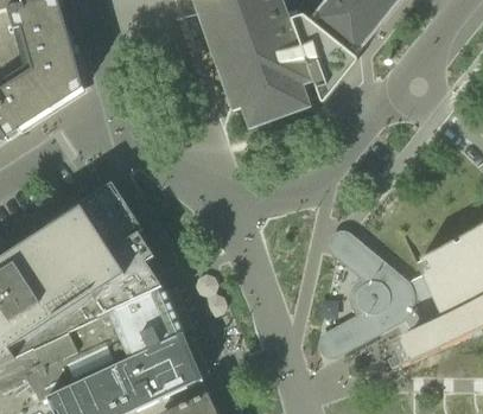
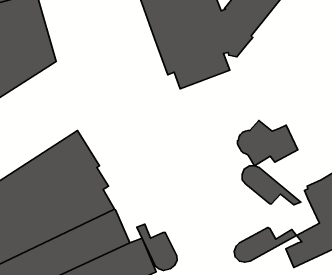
building: [354,268,434,329] -> [237,121,298,166]
building: none -> [137,224,177,270]

